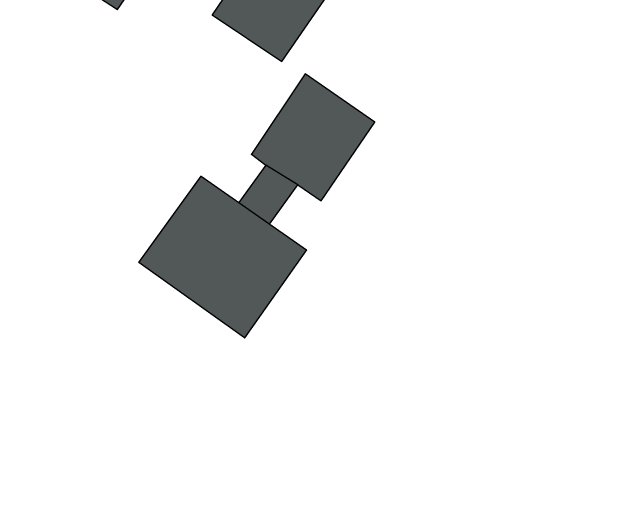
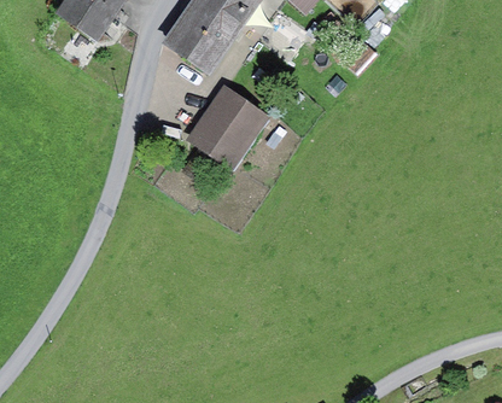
building: [139,176,306,338] -> none

